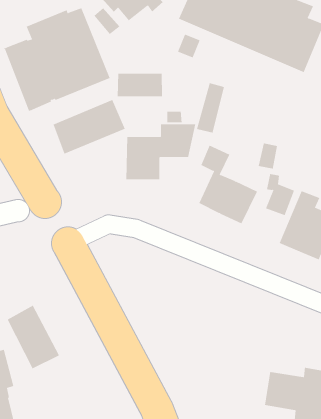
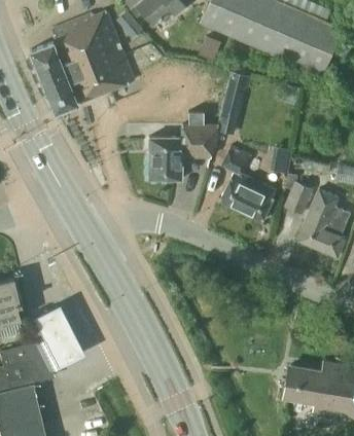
building: [117,73,163,97] -> none
building: [53,99,125,154] -> none

